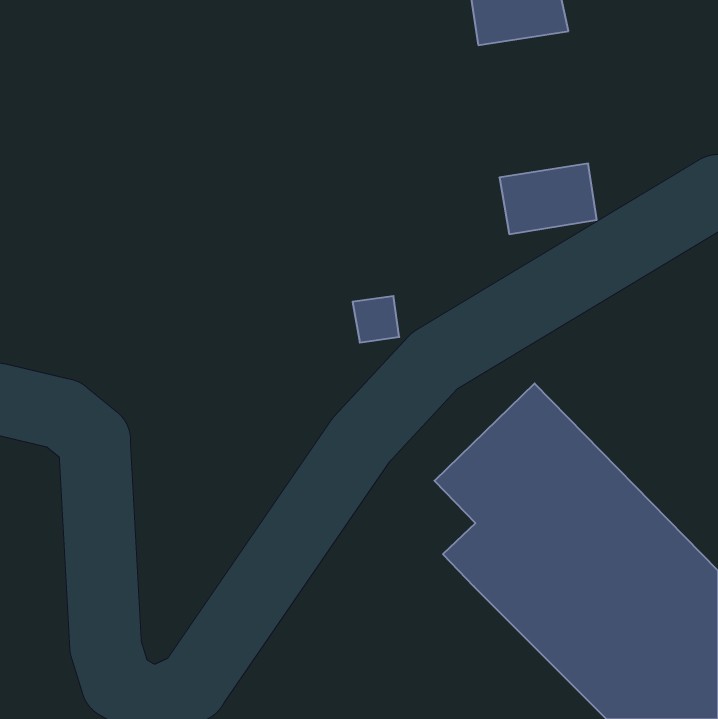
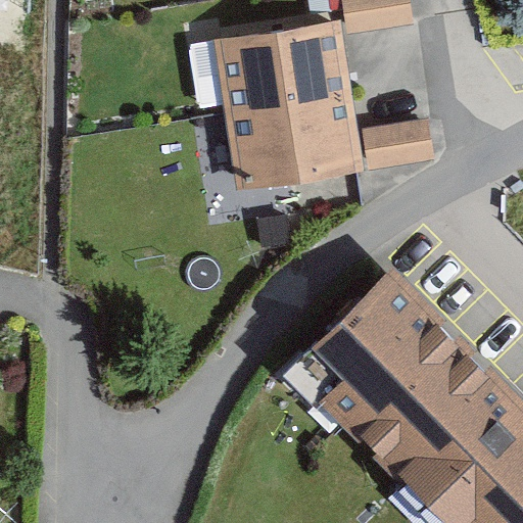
building: none -> [220,23,356,186]

